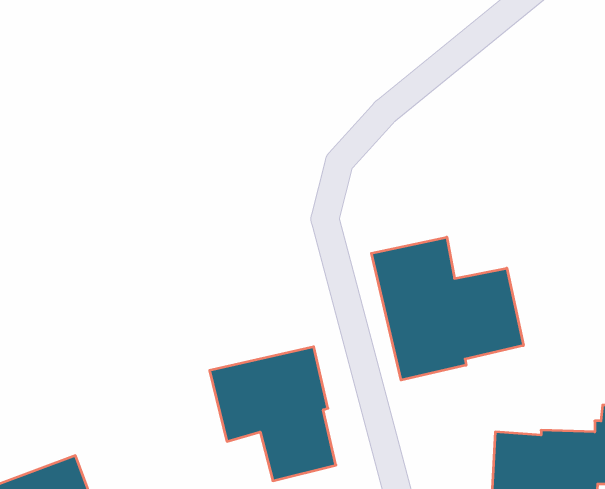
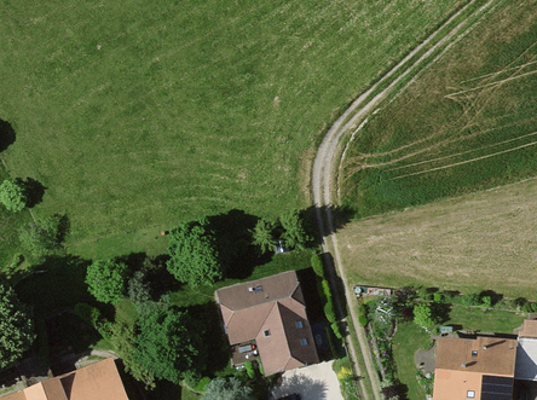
building: [371,237,523,380] -> none

